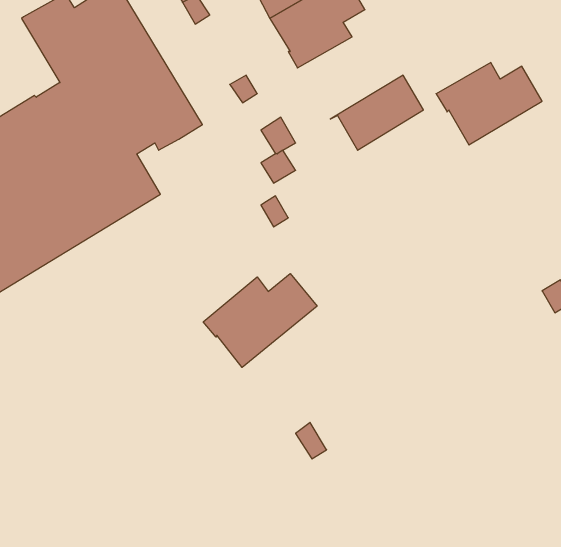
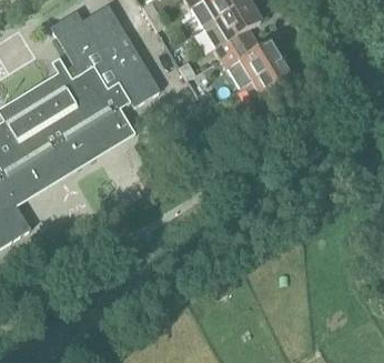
building: [436,63,542,145] -> [219,37,283,87]
building: [203,274,317,367] -> none

